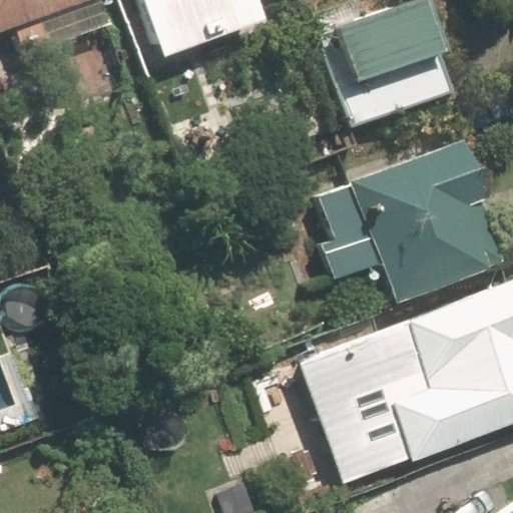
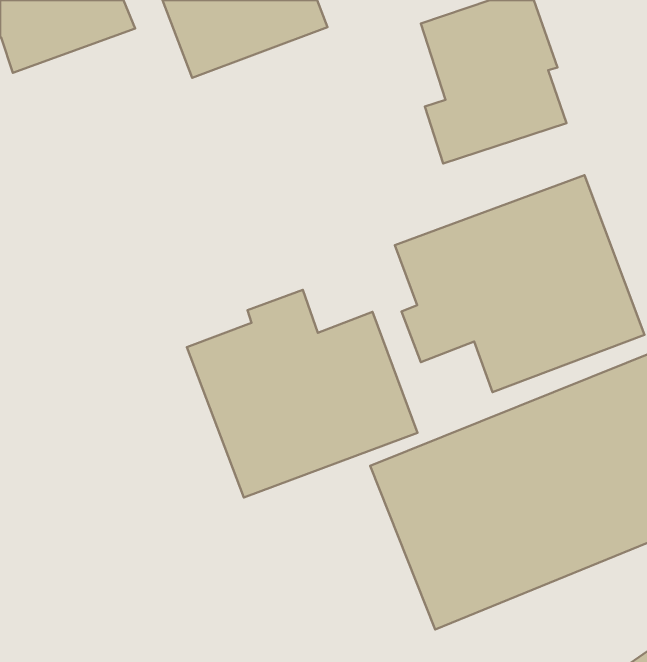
building: none -> [187,290,417,498]

